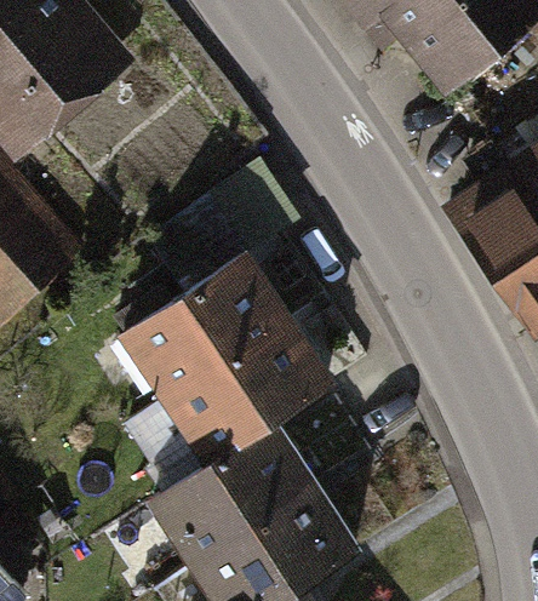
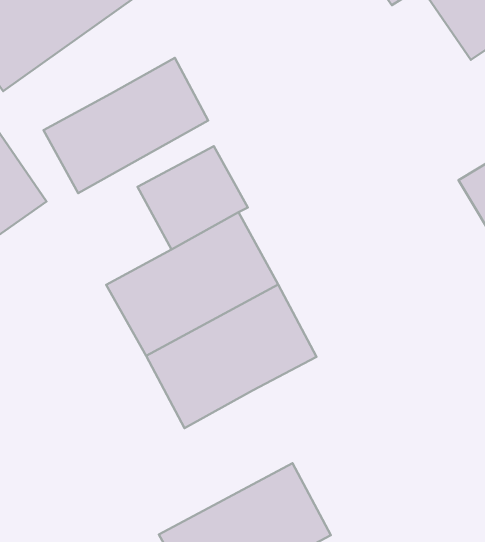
building: none -> [44,58,208,193]
building: [159,420,319,561] -> none

